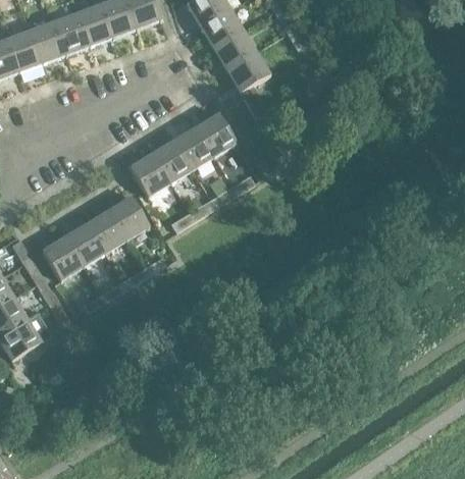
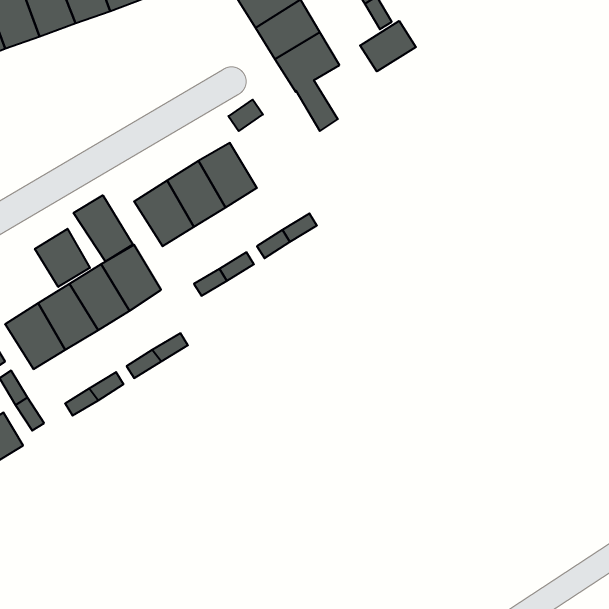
building: none -> [360,21,416,71]
building: [195,112,236,157] -> none
building: none -> [74,195,133,262]
building: none -> [35,229,90,287]

